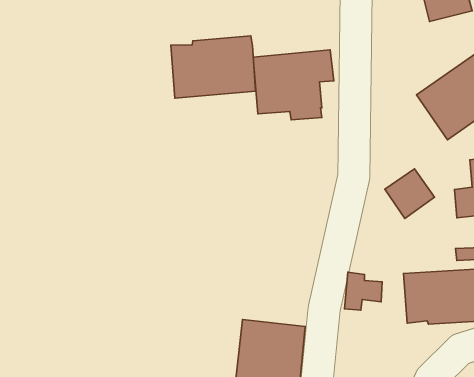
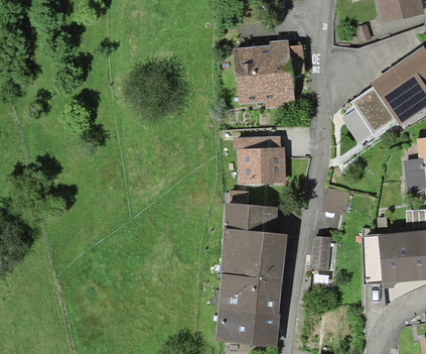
building: [171,36,255,98] -> none
building: none -> [237,139,284,182]
building: [385,169,435,219] -> [342,92,385,134]
building: none -> [225,192,285,282]

